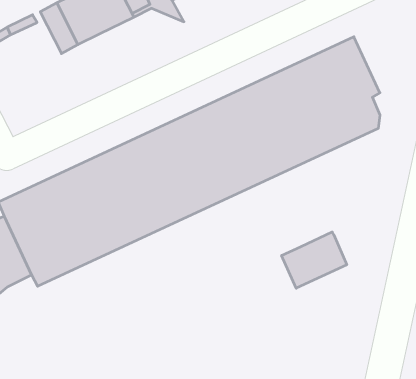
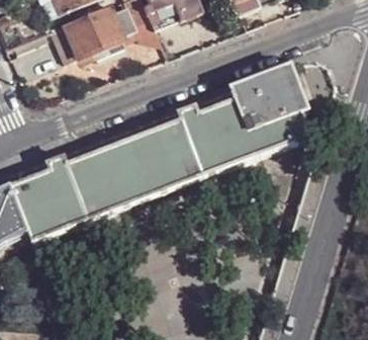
building: [282,232,347,288] -> none

